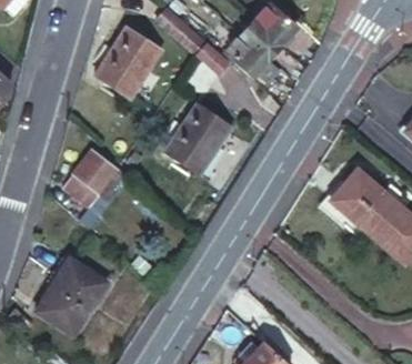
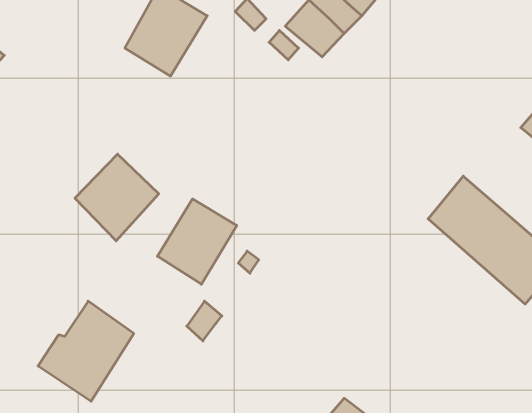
building: [168,105,228,170] -> [157,199,237,284]

